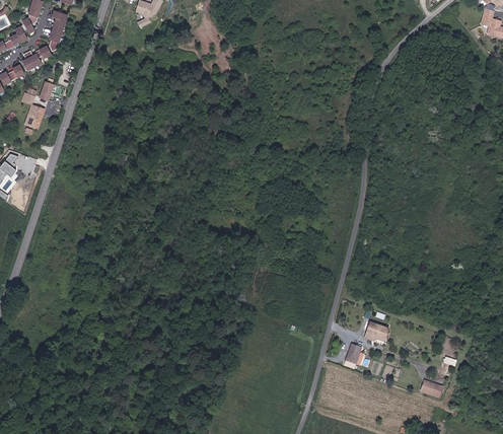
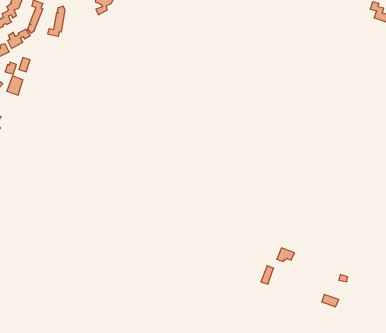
building: none -> [48,6,65,37]

